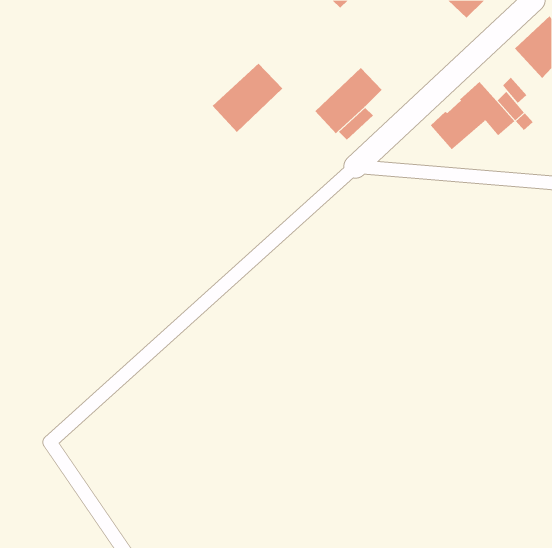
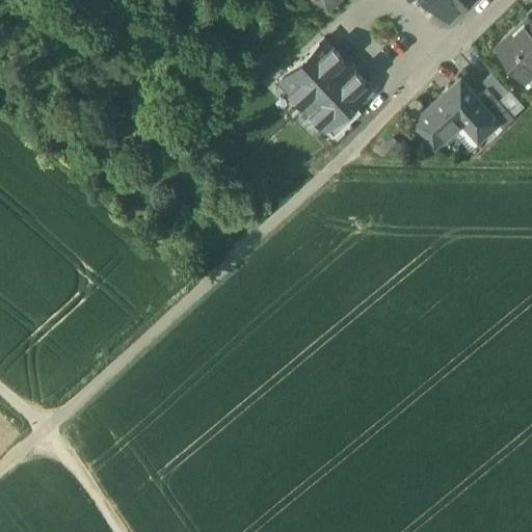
building: [212,63,283,133] -> [278,44,347,111]

